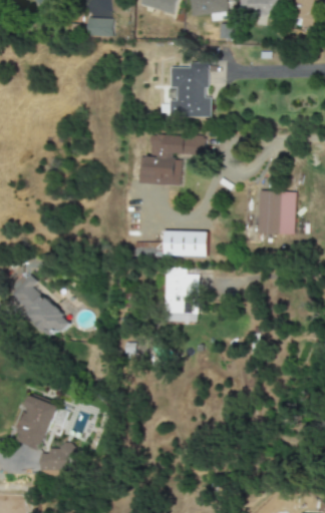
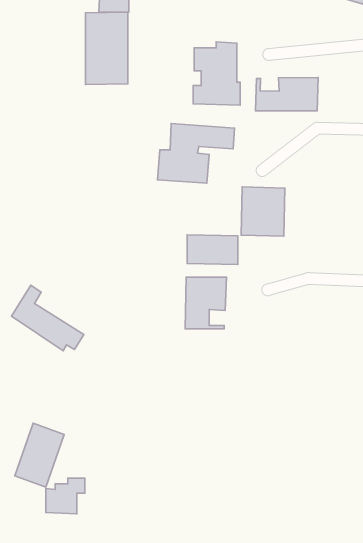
building: none -> [85,12,128,85]
building: none -> [255,77,318,111]
building: [258,190,296,233] -> [241,187,285,236]

